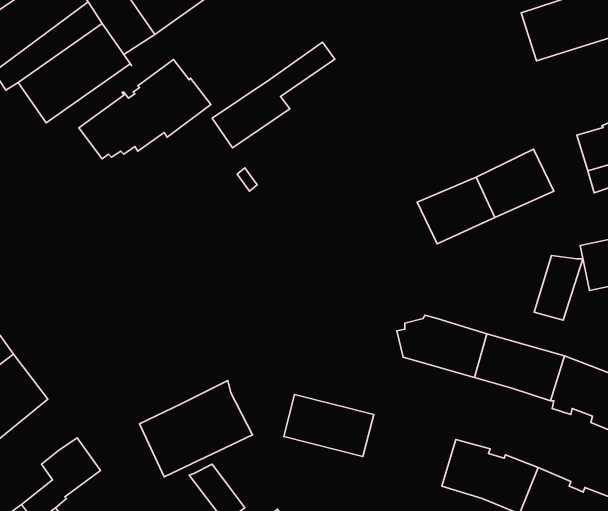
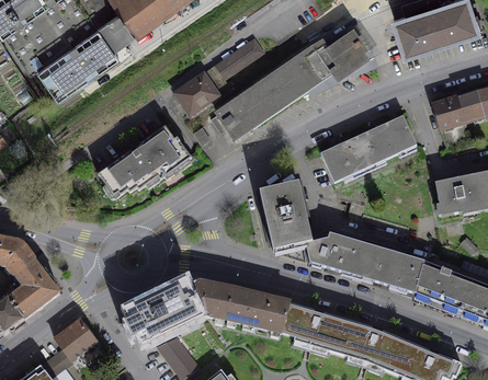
building: none -> [212,33,371,139]
building: [79,60,211,159] -> [98,126,191,196]
building: none -> [260,183,311,252]
building: [534,255,583,320] -> none
building: none -> [189,281,234,318]
building: none -> [282,302,348,353]

